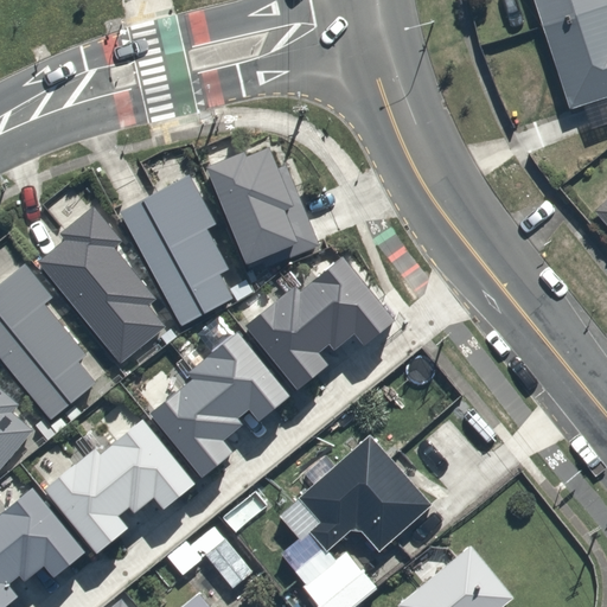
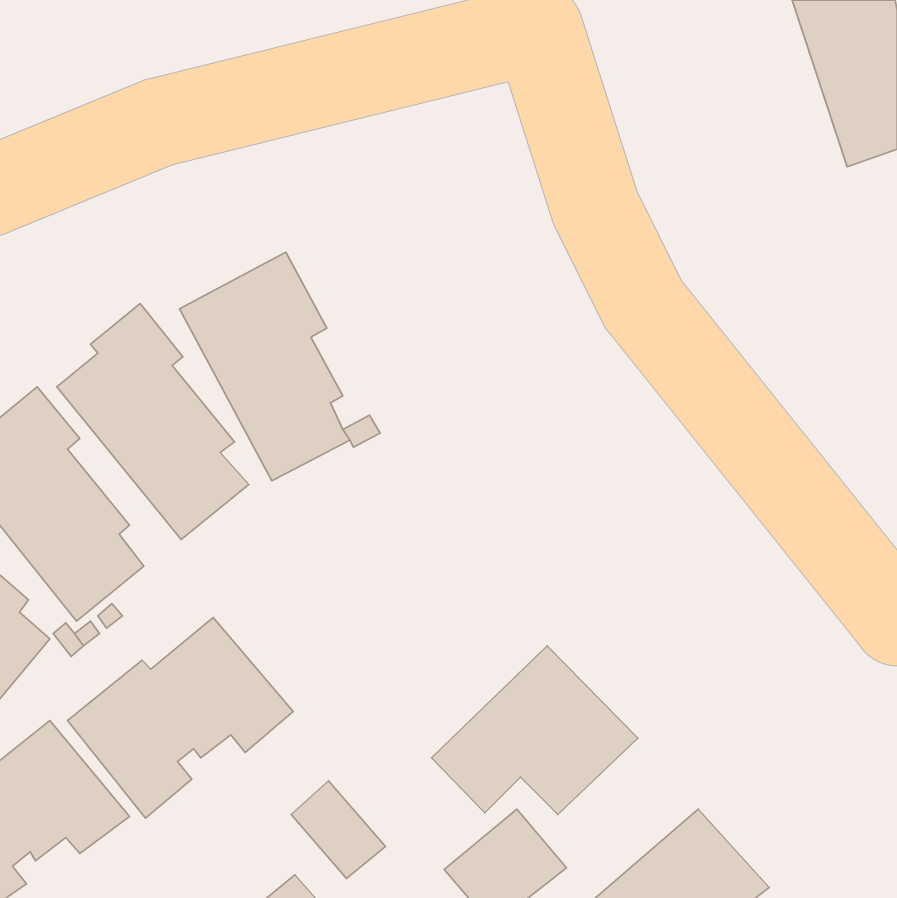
building: [206,146,320,271] -> none
building: [245,256,395,389] -> none
building: [151,331,289,477] -> none

